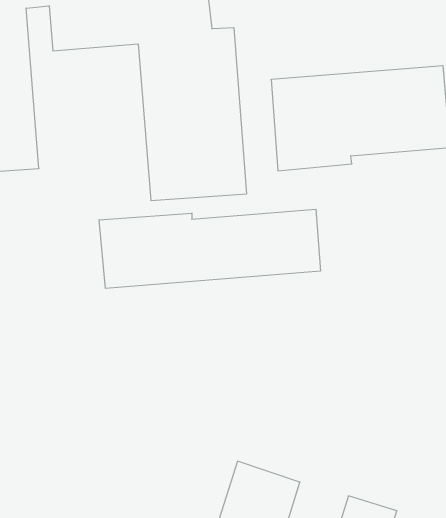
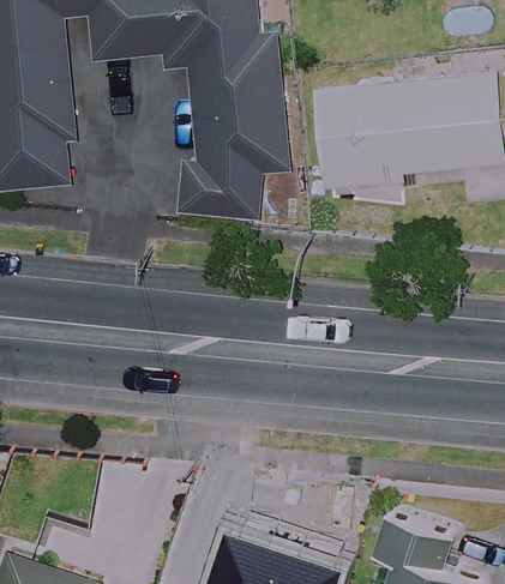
building: [99,209,320,288] -> none

